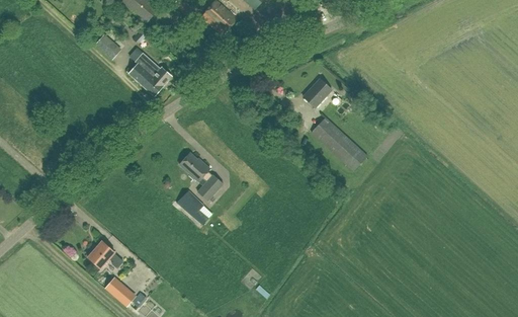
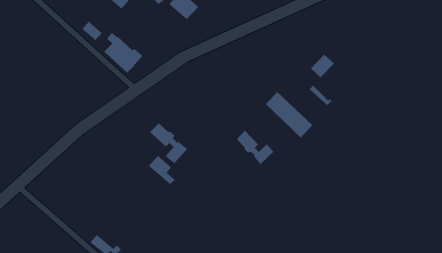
building: [303,78,331,106] -> [310,54,335,78]
building: none -> [236,130,274,165]
building: [86,240,122,267] -> none

